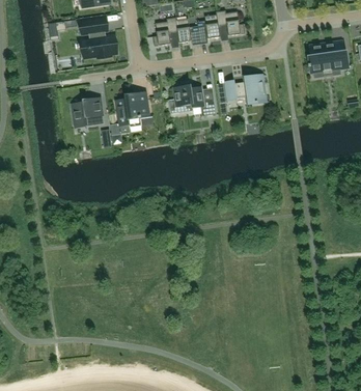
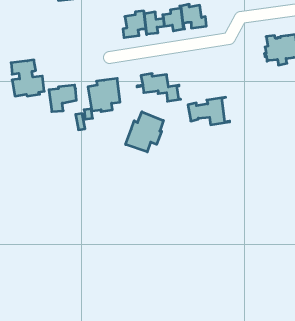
building: [81,19,117,58] -> [11,60,44,96]
building: [225,75,271,105] -> [188,97,230,125]
building: none -> [126,112,163,152]

